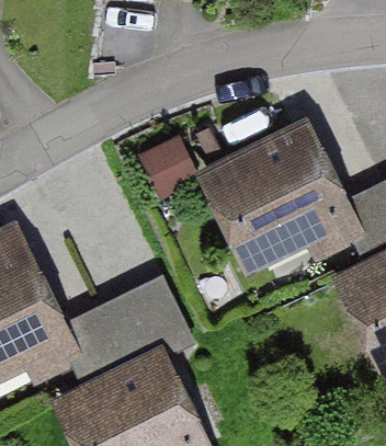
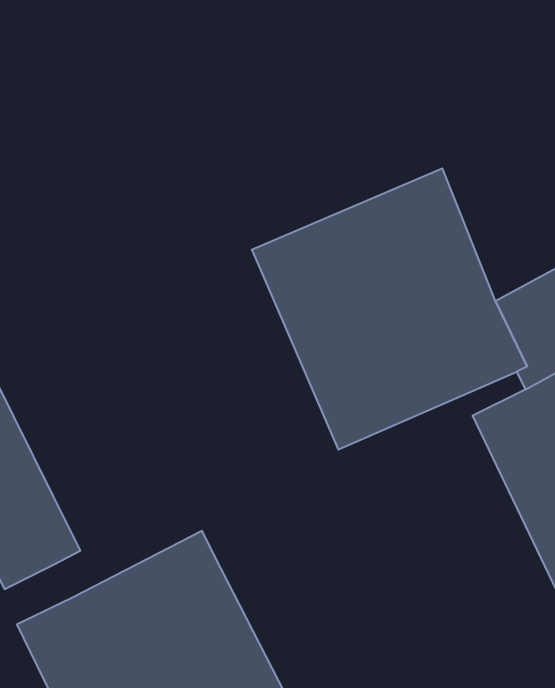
building: [69,275,198,385] -> none

